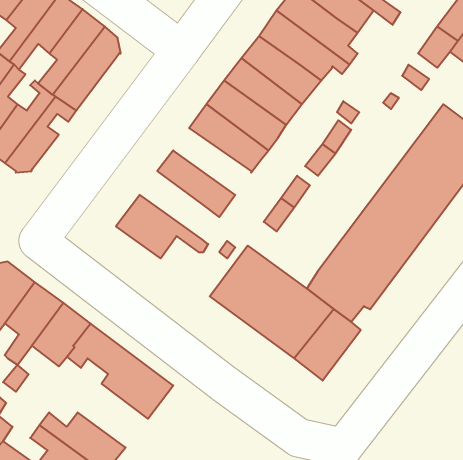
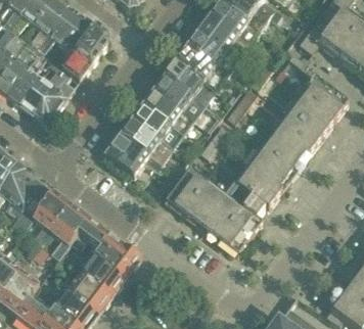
building: none -> [141,91,191,134]
building: none -> [120,119,171,162]
building: none -> [71,255,125,296]

